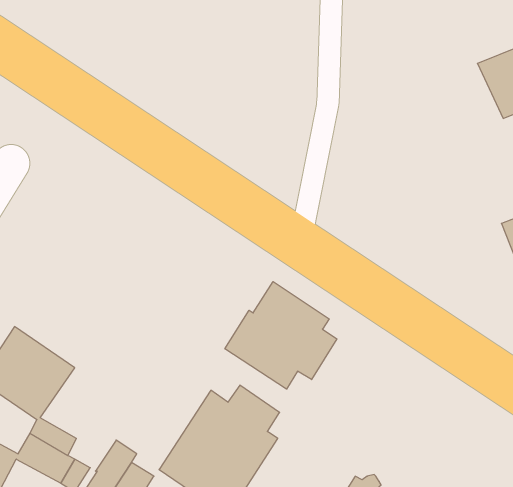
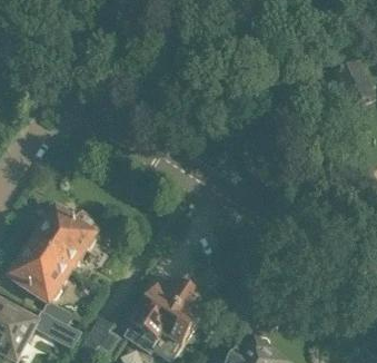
building: none -> [31,206,98,267]
building: [225,282,337,389] -> none

